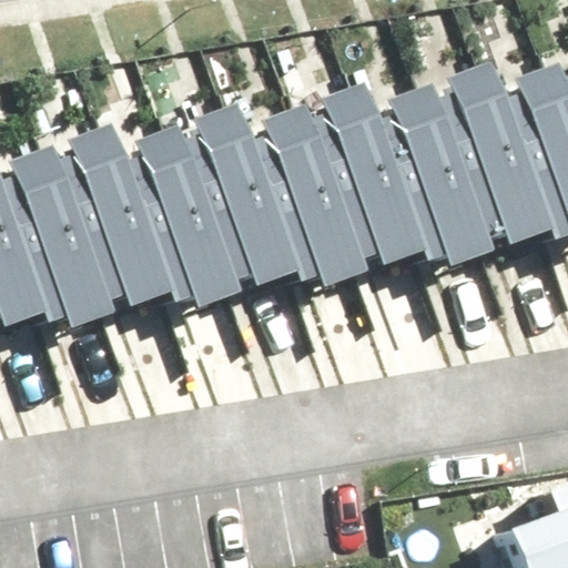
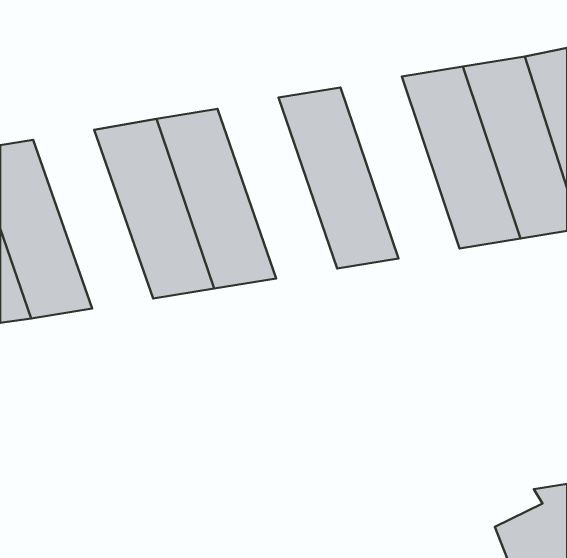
building: [341,85,459,267] -> none
building: [217,106,337,287] -> none
building: [33,139,153,317] -> none

